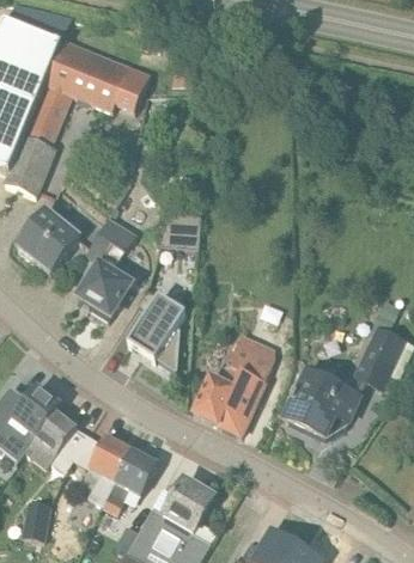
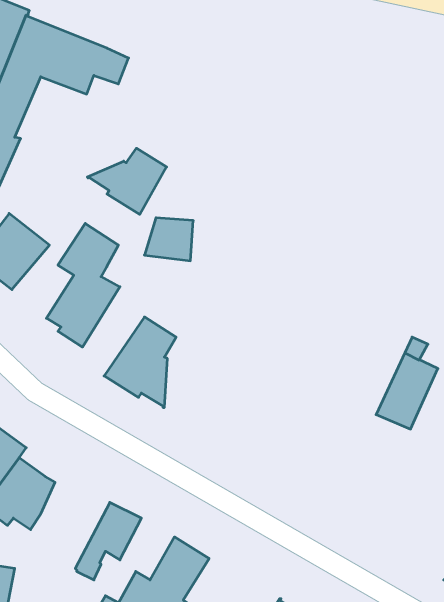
building: none -> [87,148,167,214]
building: [193,335,269,434] -> none
building: [285,375,364,436] -> none
building: [73,432,130,503] -> none

